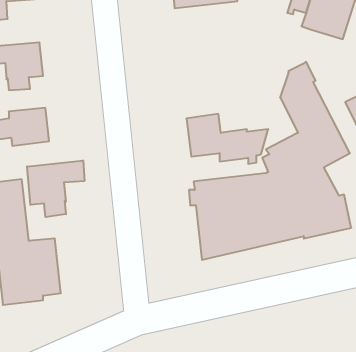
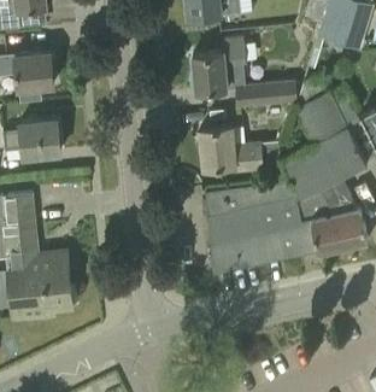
building: none -> [193,36,296,106]
building: [27,160,84,217] -> none

